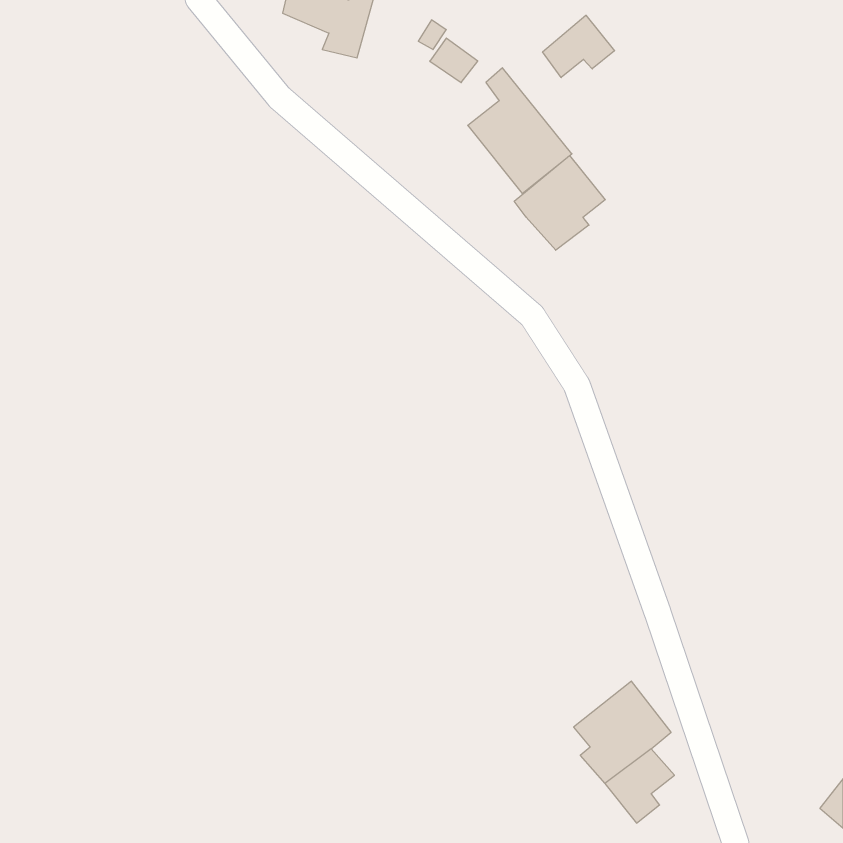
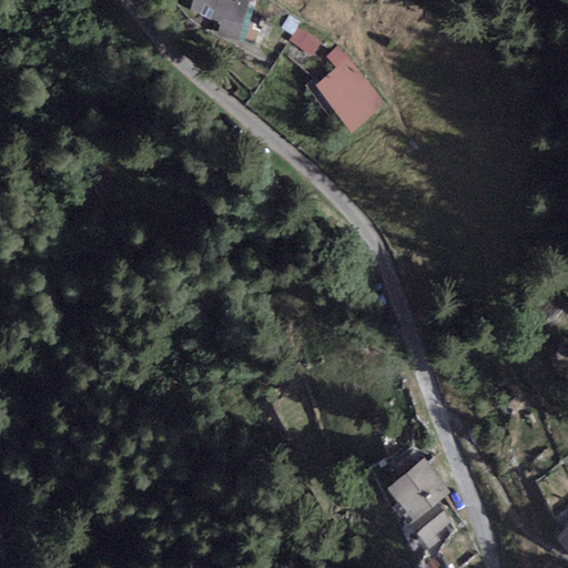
building: [543,15,615,78] -> none
building: [514,156,605,250] -> none

